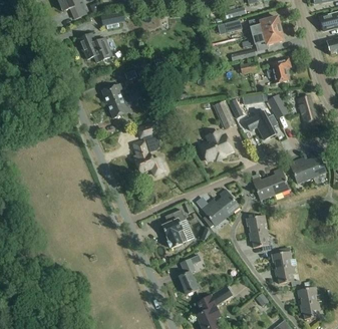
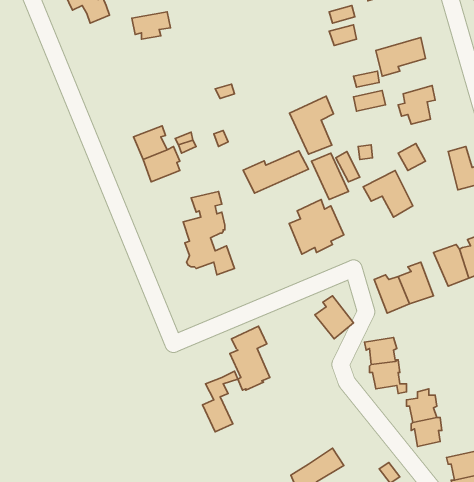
building: [249,15,281,35] -> none
building: [77,32,112,61] -> none
building: none -> [290,96,333,154]
building: none -> [243,151,308,193]
building: [202,199,227,227] -> none
building: [179,255,201,293] -> [202,371,238,432]

